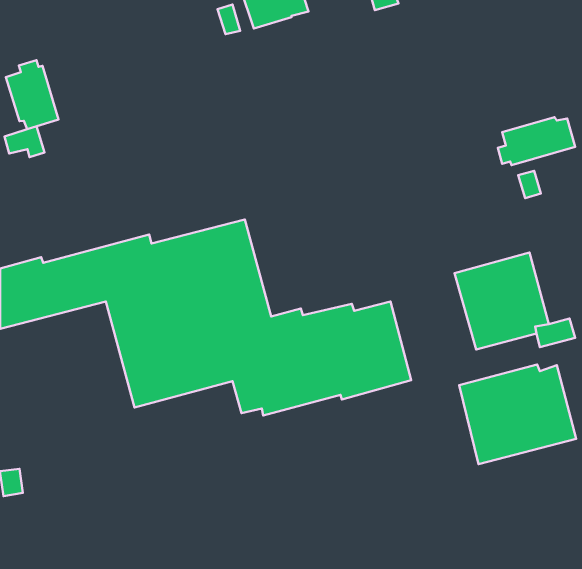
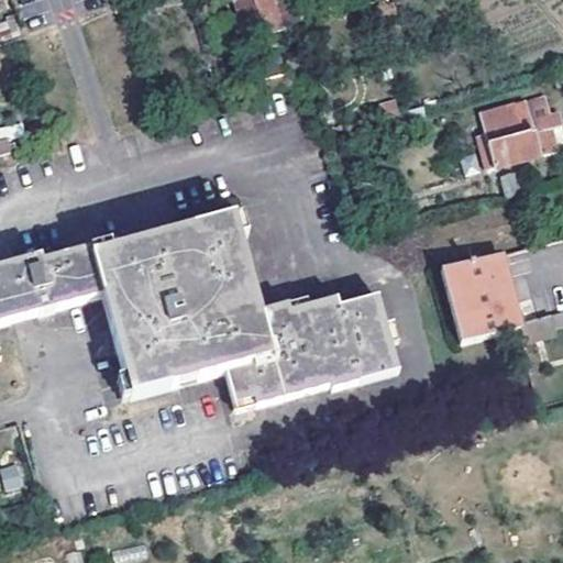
building: [6,60,59,129] -> none
building: [459,364,576,464] -> none

